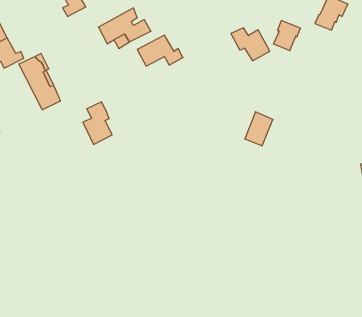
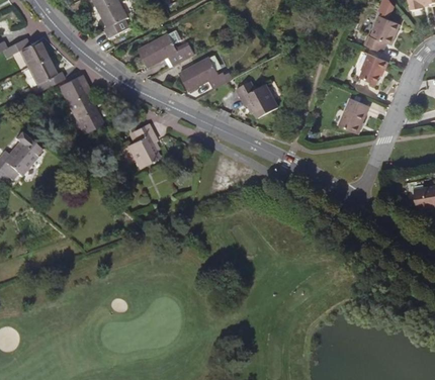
building: [273,21,301,51] -> [362,53,390,84]
building: [231,28,270,61] -> [238,80,278,114]
building: [245,112,273,146] -> [341,97,370,132]

